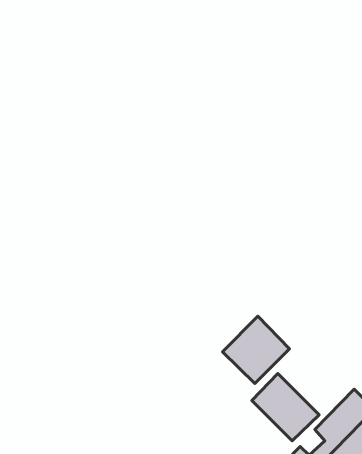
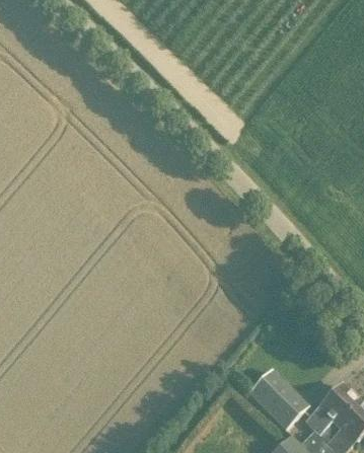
building: [222,316,290,383] -> none

